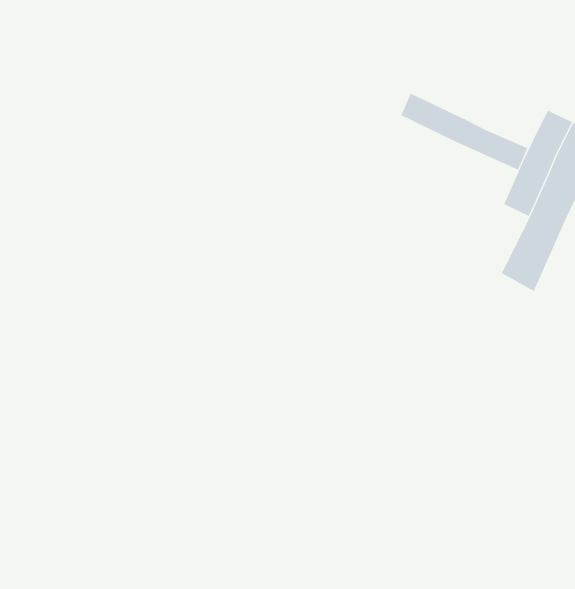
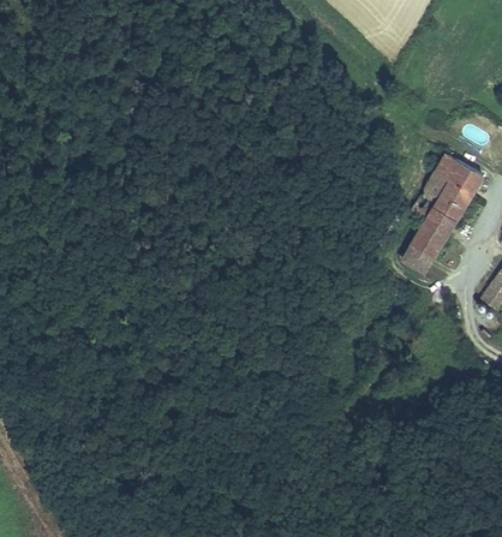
building: [401,93,528,170] -> none

